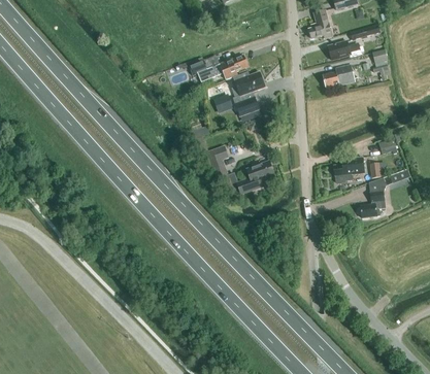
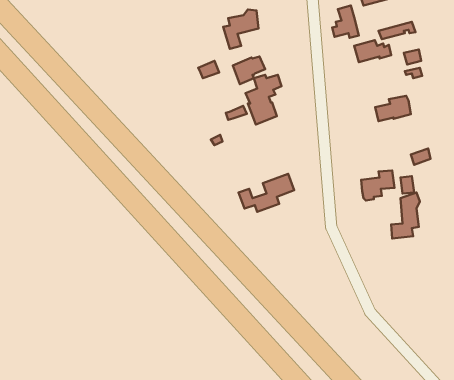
building: none -> [223,10,258,49]
building: [323,65,355,88] -> [375,96,411,121]
building: [202,145,229,178] -> none

